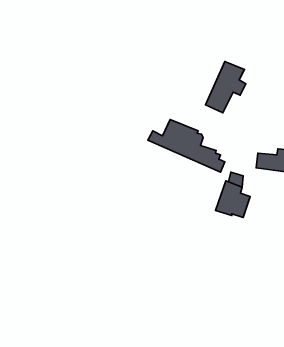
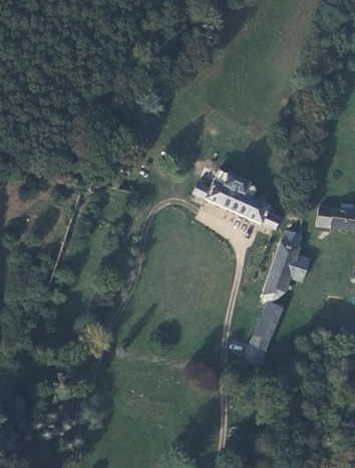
building: [206,61,246,113] -> none
building: none -> [244,274,289,367]

